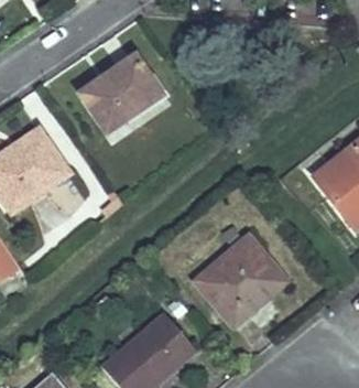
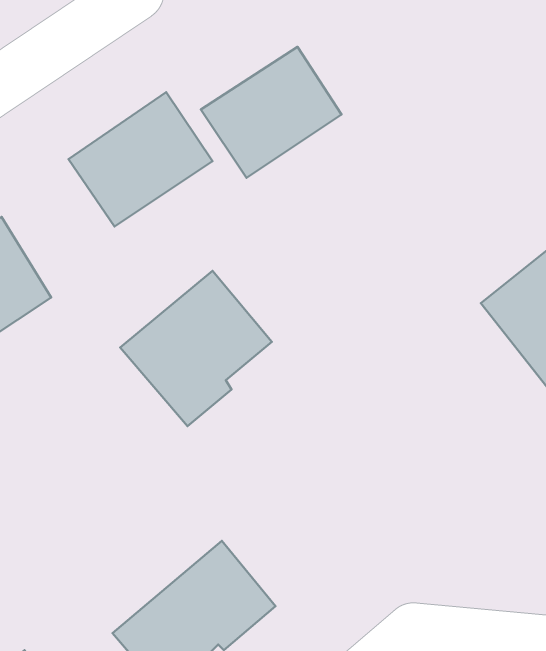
building: none -> [201,47,341,178]
building: [196,236,283,325] -> [120,271,272,426]

